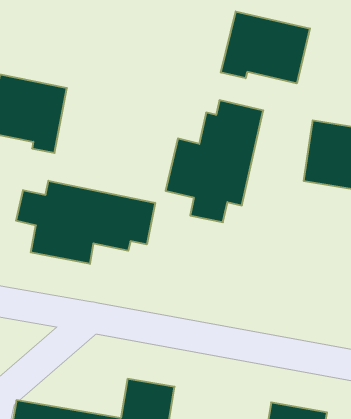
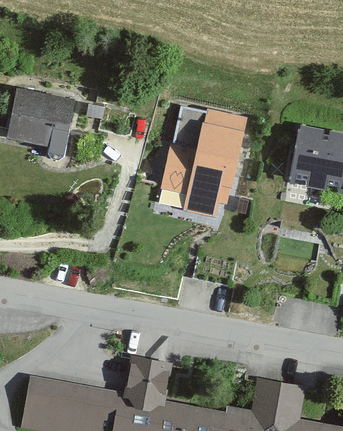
building: [221,11,310,83] -> none
building: [16,181,155,264] -> none

